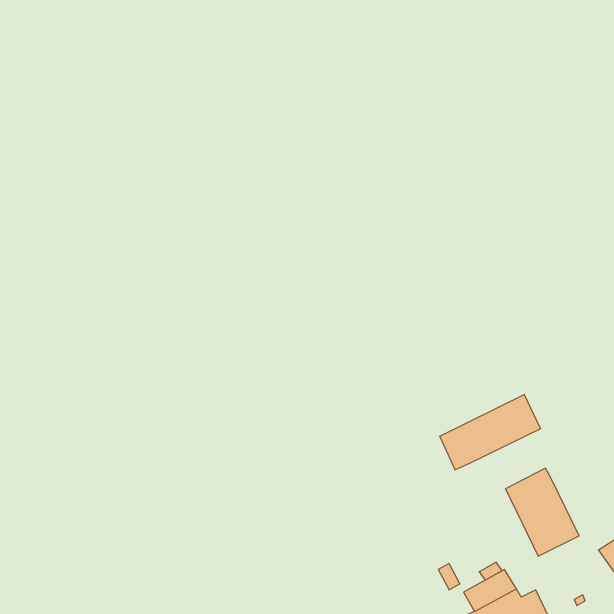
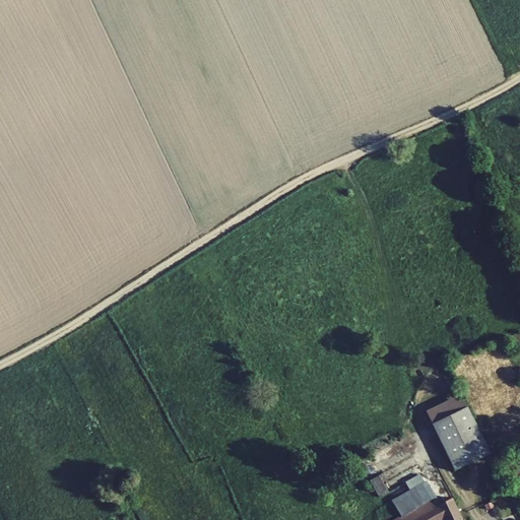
building: [440,394,540,470] -> none

